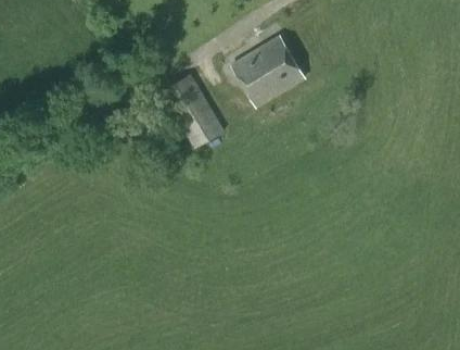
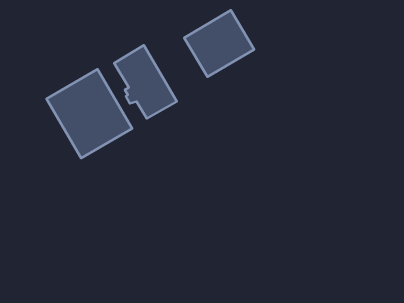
building: none -> [46,69,132,158]

